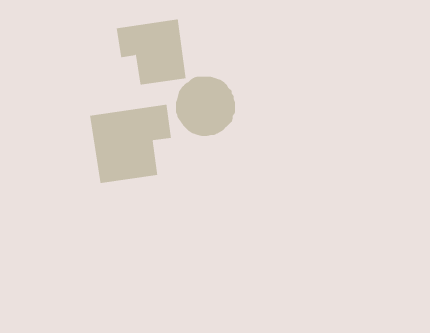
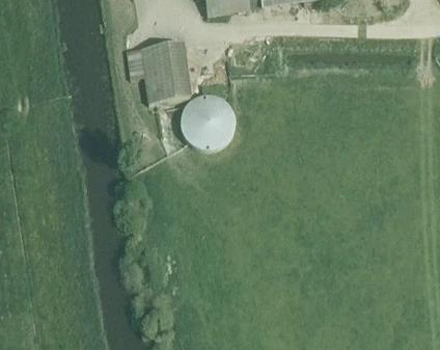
building: [89,104,172,184] -> none

